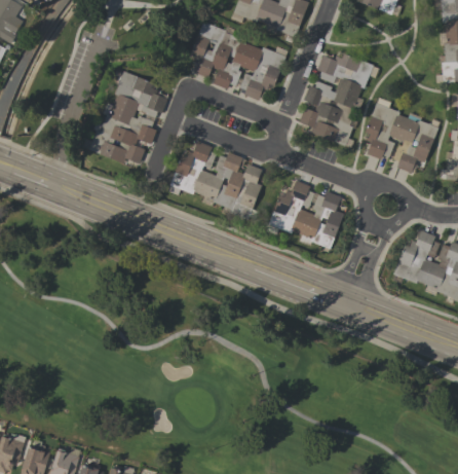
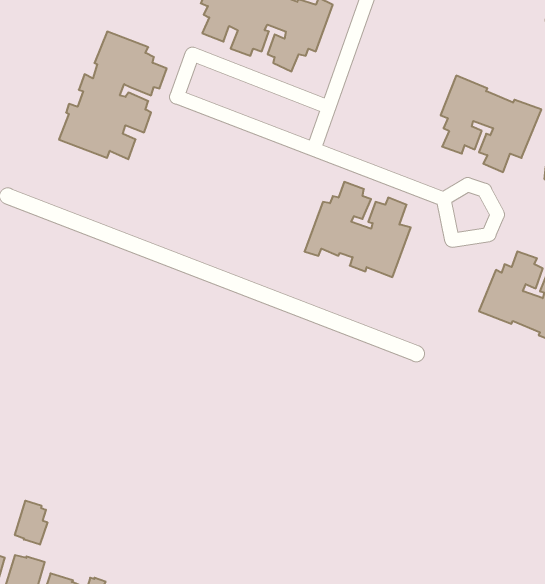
building: [300,52,374,145] -> none
building: [169,141,263,219] -> none
building: none -> [15,501,47,545]

